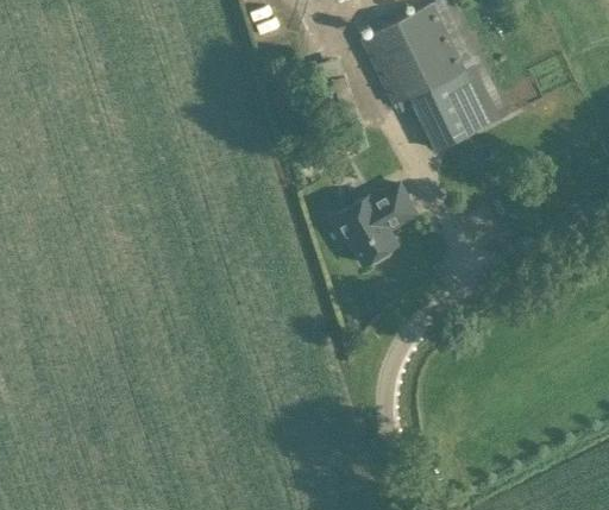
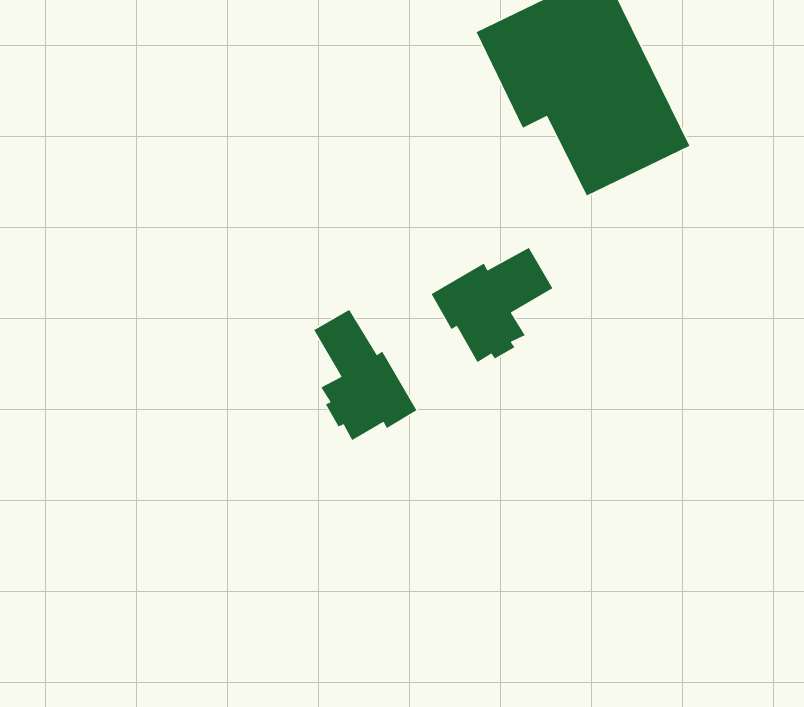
building: none -> [313,309,418,441]

